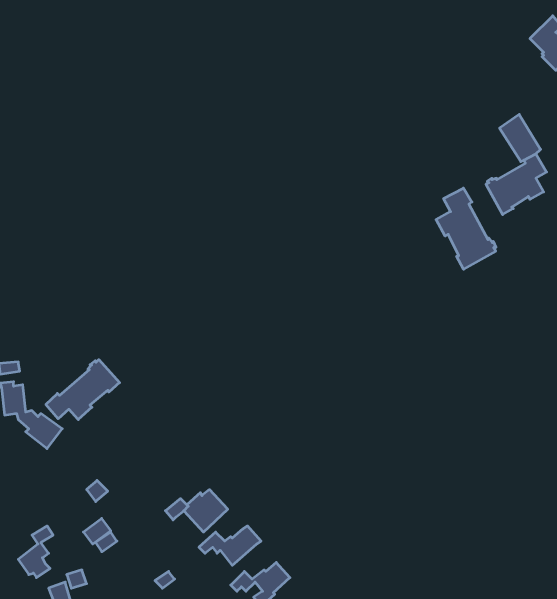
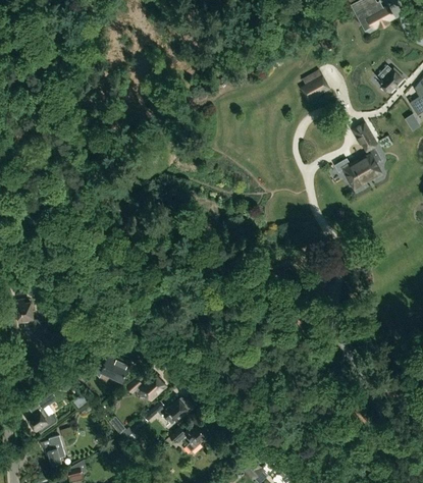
building: none -> [300,70,330,103]
building: [436,188,496,269] -> none
building: [46,360,120,420] -> none
building: none -> [101,356,129,383]

